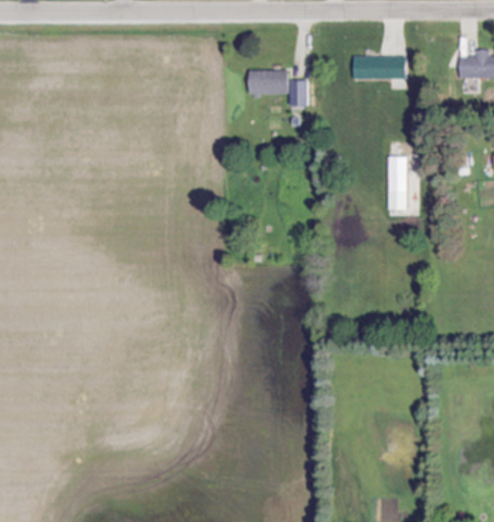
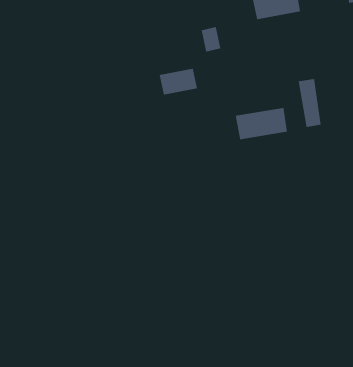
building: [248,70,288,95] -> [159,68,198,95]
building: none -> [235,107,288,140]

